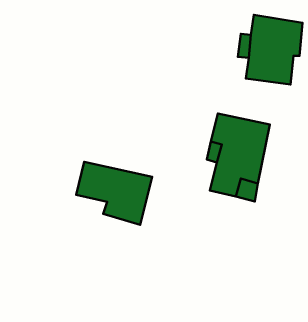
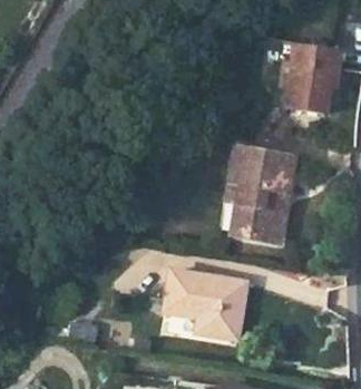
building: [76,162,152,225] -> [166,273,251,343]

